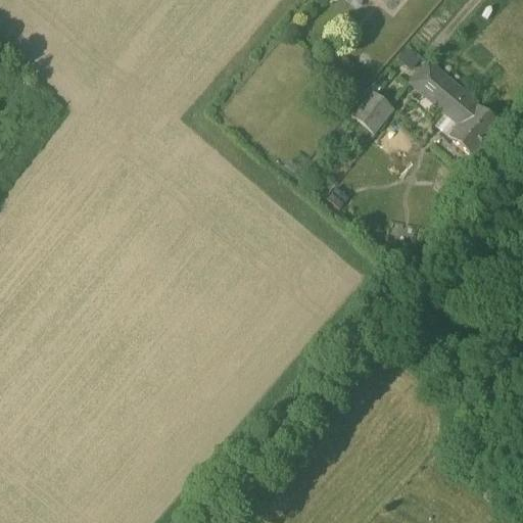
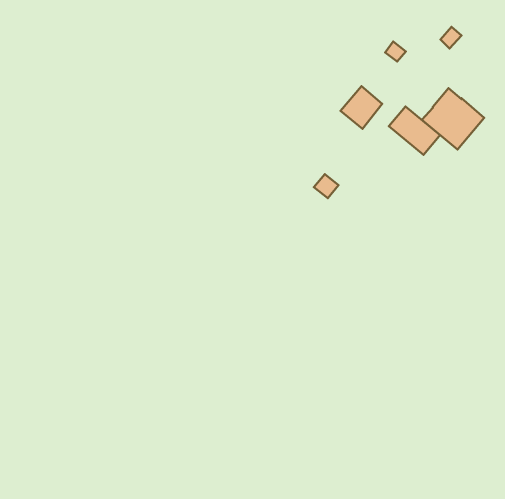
building: [412,60,465,110] -> [389,106,440,155]

